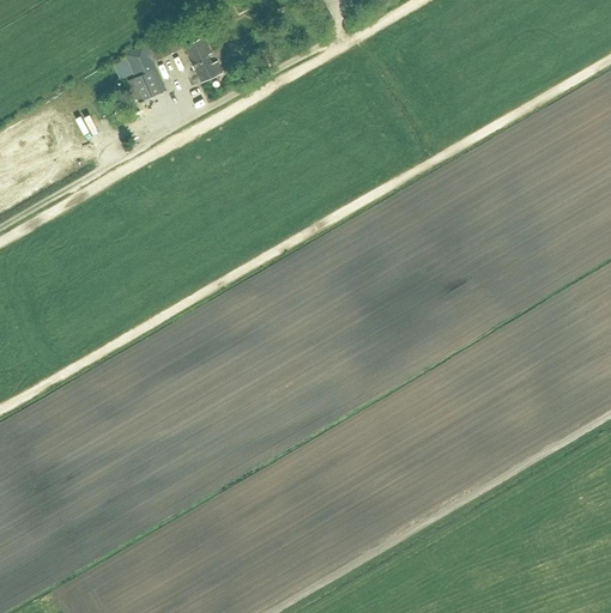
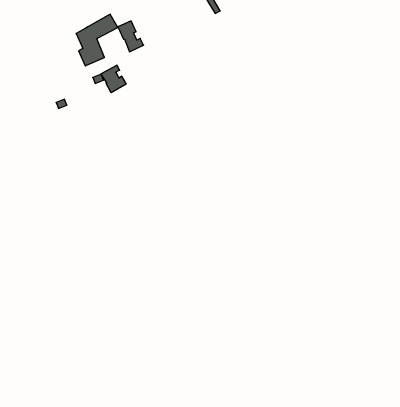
building: none -> [101,65,126,93]

